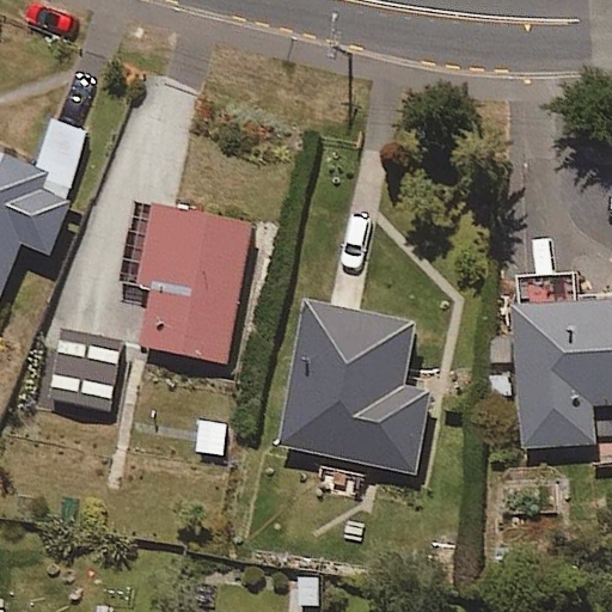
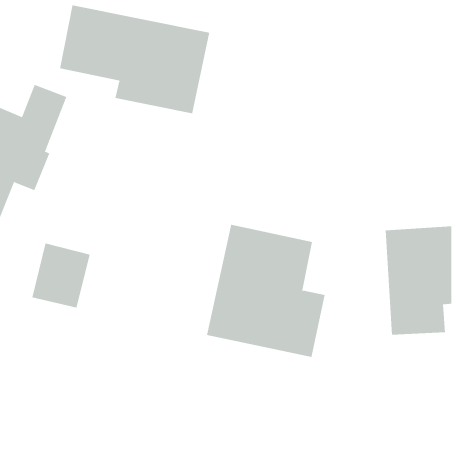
building: none -> [59,5,210,114]
building: [133,201,253,363] -> none

